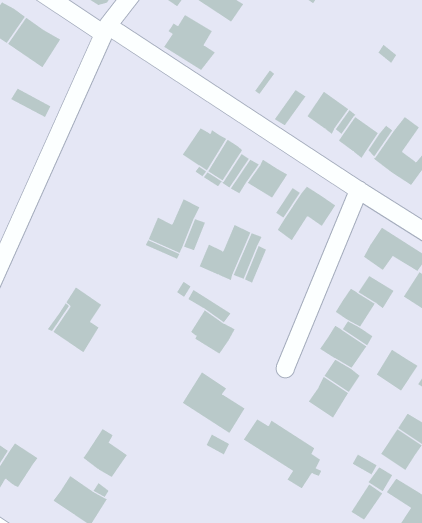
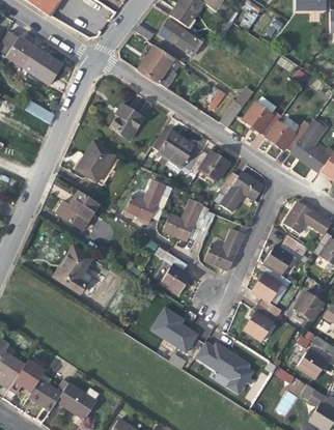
building: none -> [110,104,144,139]
building: none -> [76,141,115,181]
building: none -> [56,190,100,229]
building: none -> [205,229,244,270]
building: [82,428,128,478] -> [29,374,62,410]

